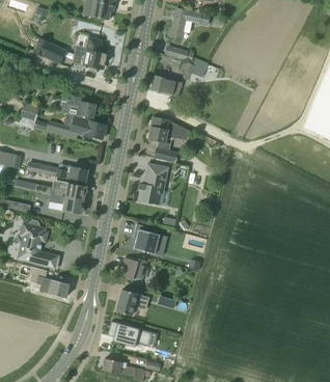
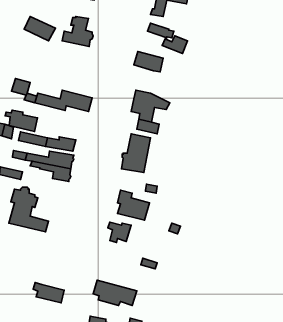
building: [61,96,95,118] -> [5,110,37,131]
building: [35,275,68,297] -> [33,282,64,303]
building: [115,288,147,313] -> none

